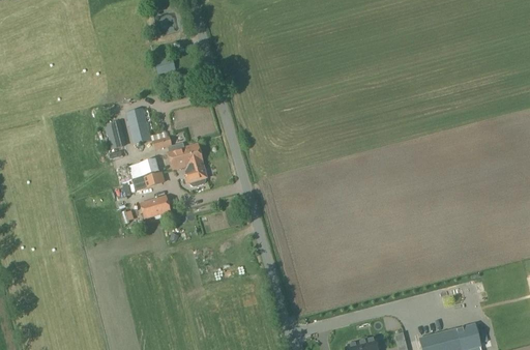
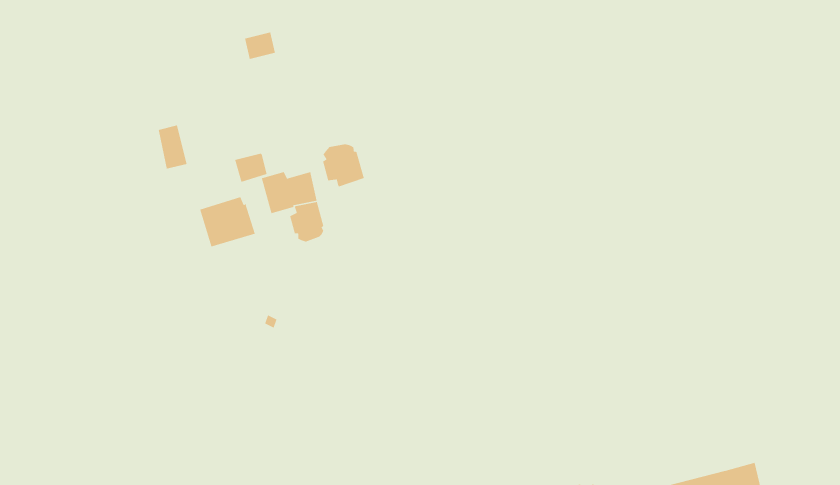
building: [125,108,150,144] -> none
building: none -> [322,144,365,187]
building: [139,196,169,217] -> none

